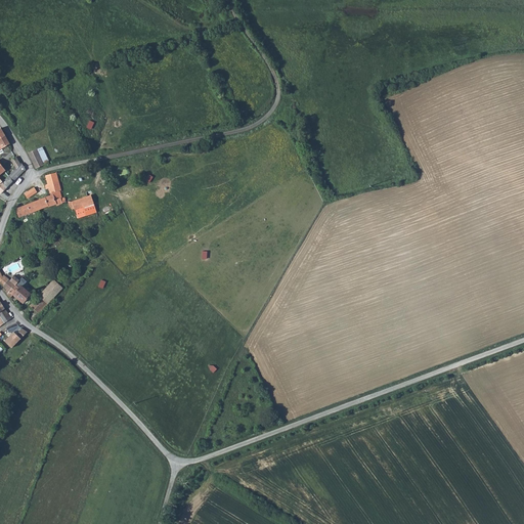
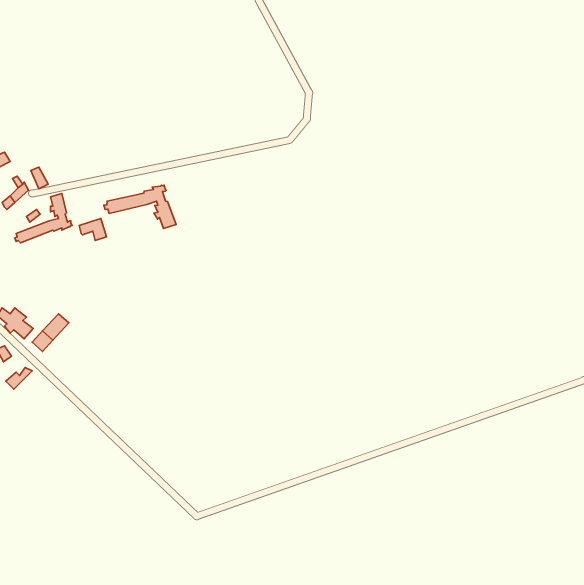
building: none -> [104,185,176,229]

